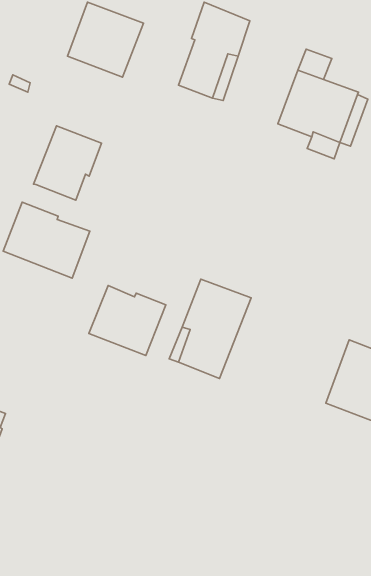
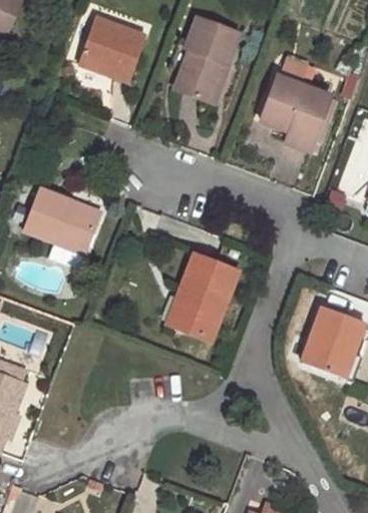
building: [34,126,102,200] -> none
building: [89,285,166,356] -> none

